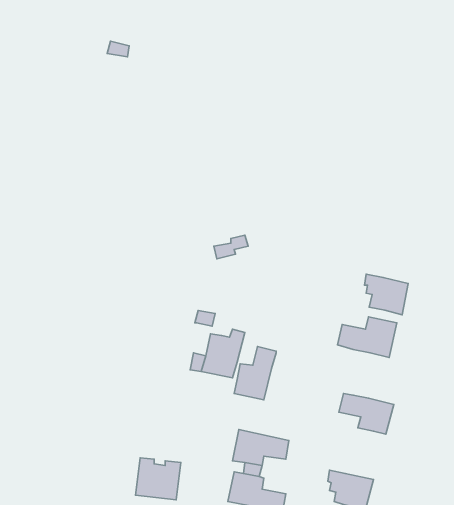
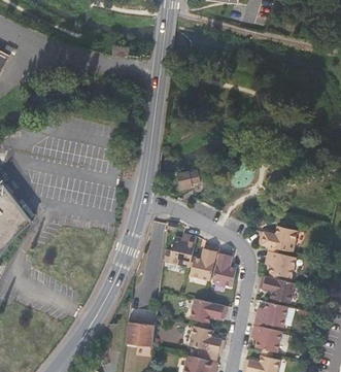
building: [364,274,408,315] -> [266,250,295,277]
building: none -> [212,249,236,285]
building: none -> [253,302,287,328]

